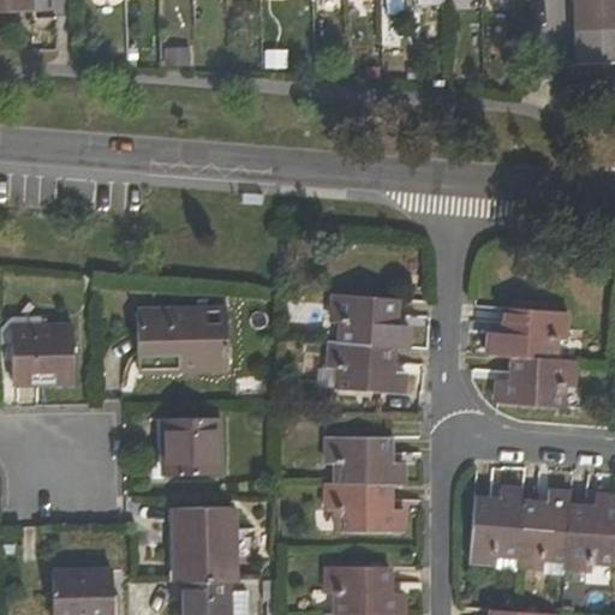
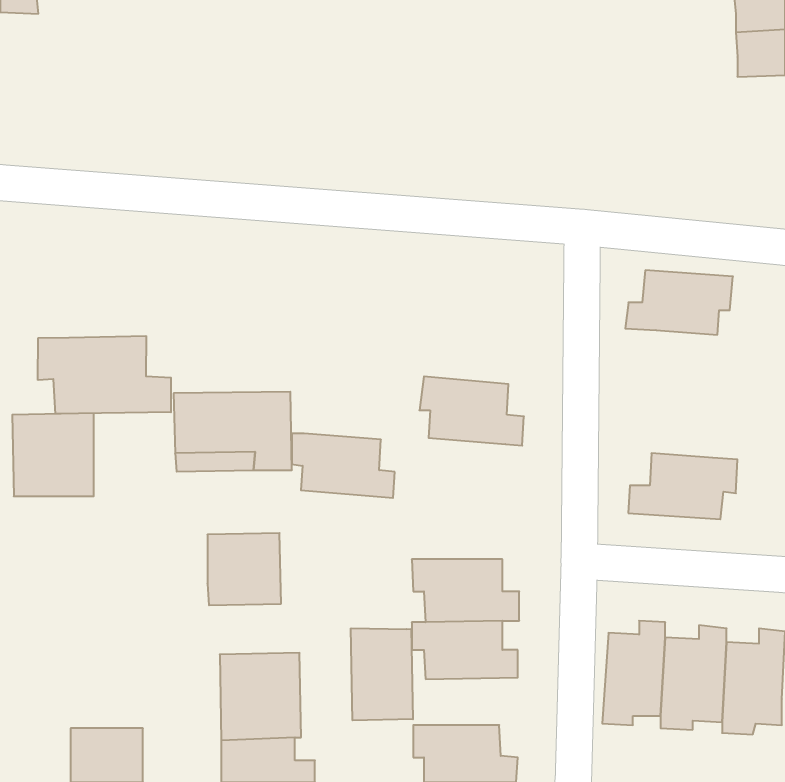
building: none -> [38,336,171,414]
building: [485,308,569,358] -> [625,270,733,335]
building: [326,342,406,393] -> [292,433,395,498]
building: none -> [351,628,413,720]

